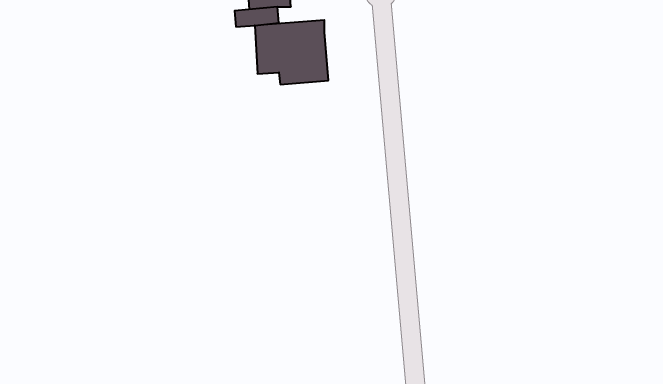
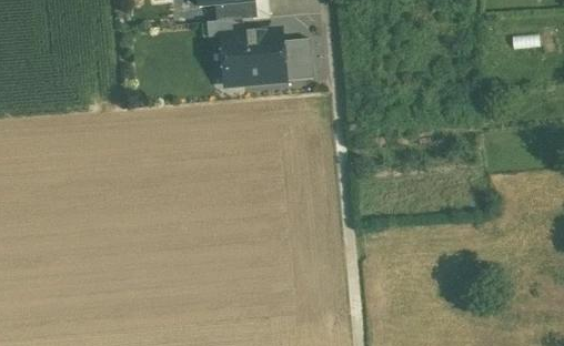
building: none -> [282,41,315,83]

